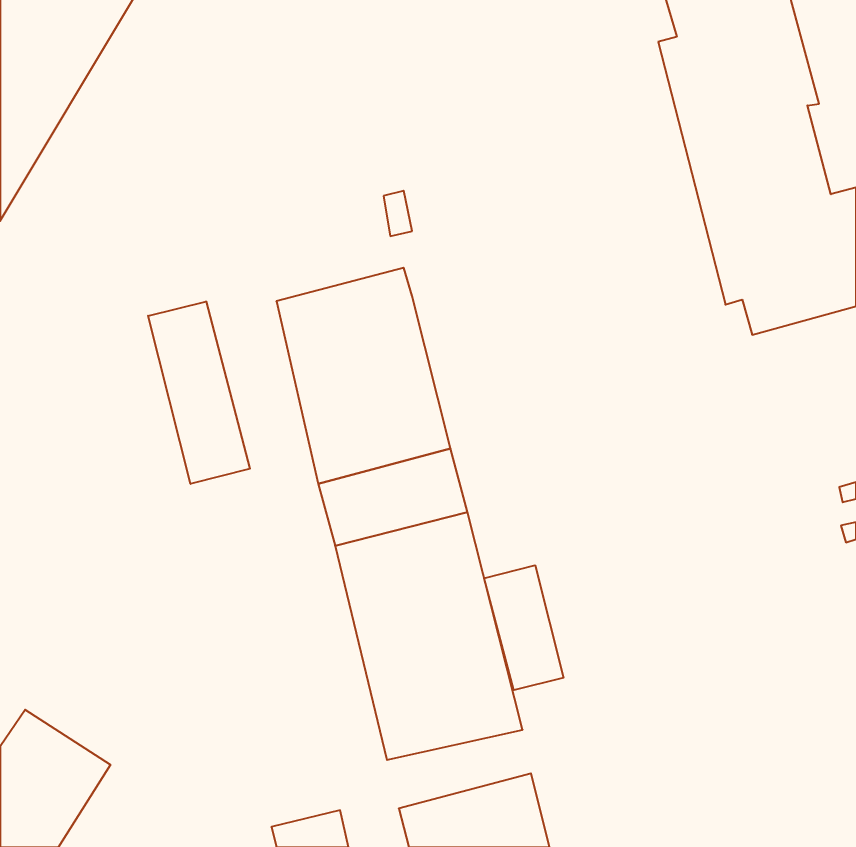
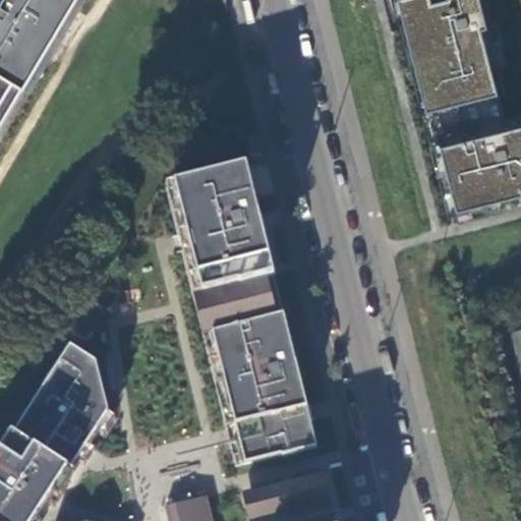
building: [148,301,250,484] -> none
building: none -> [15,342,104,465]
building: [484,565,564,690] -> none

